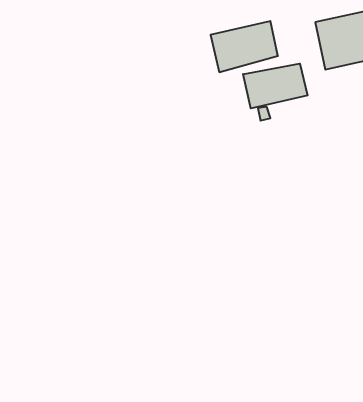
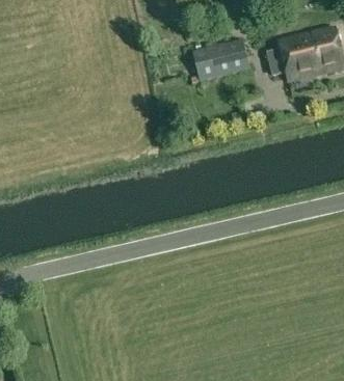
building: [243,64,308,108] -> none

